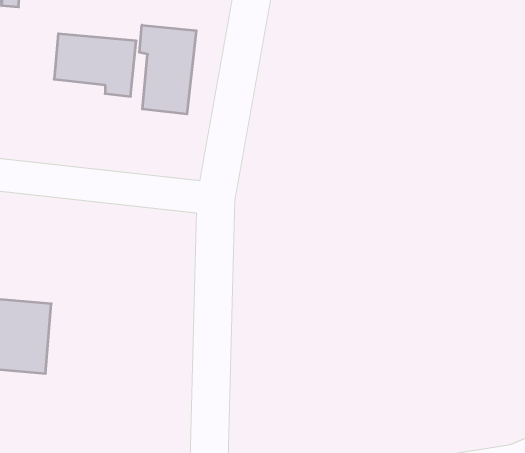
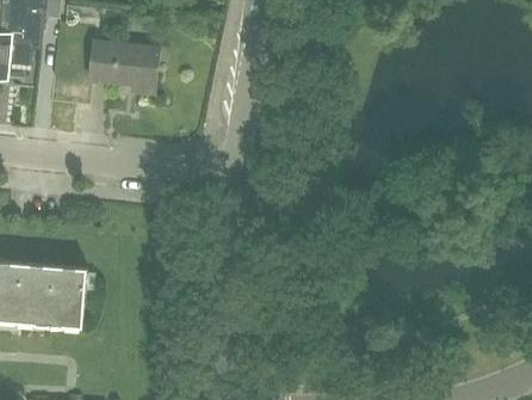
building: [139,25,196,114] -> none

